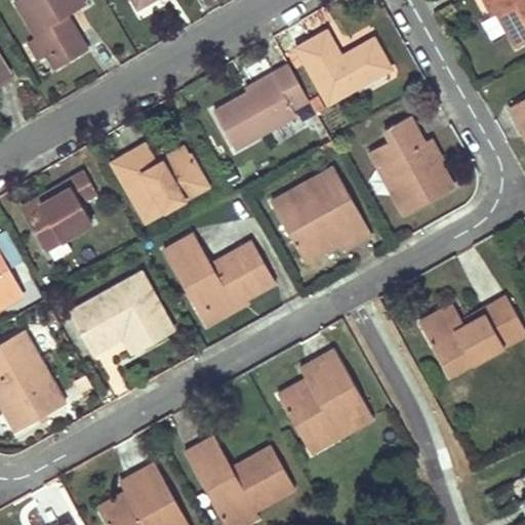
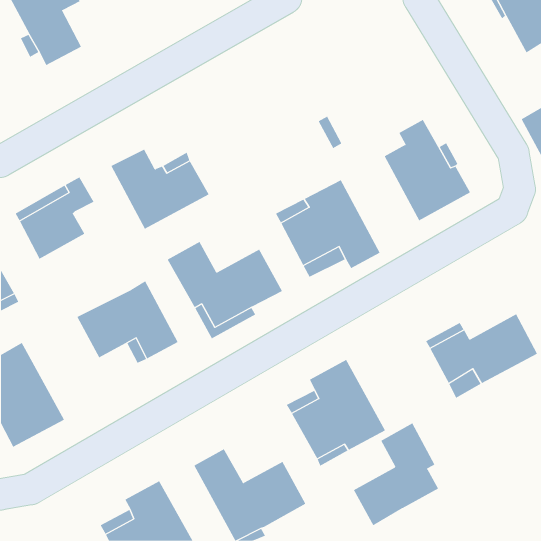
building: [299,29,393,102] -> none
building: [210,66,306,150] -> none
building: none -> [353,423,439,526]

